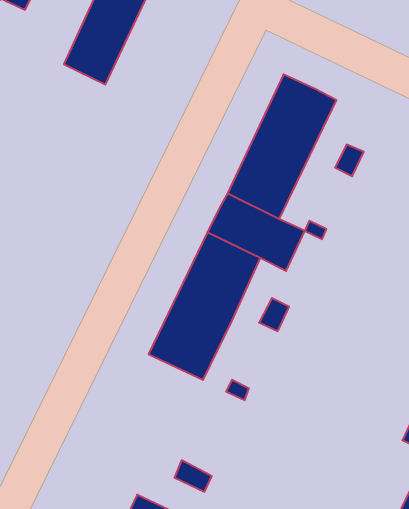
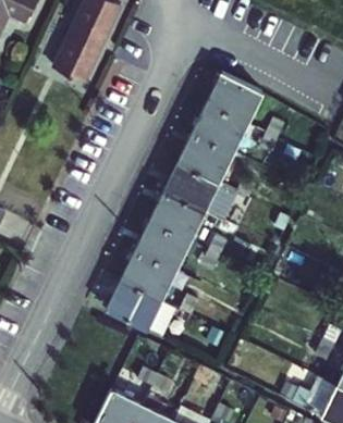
building: none -> [103,286,172,338]

